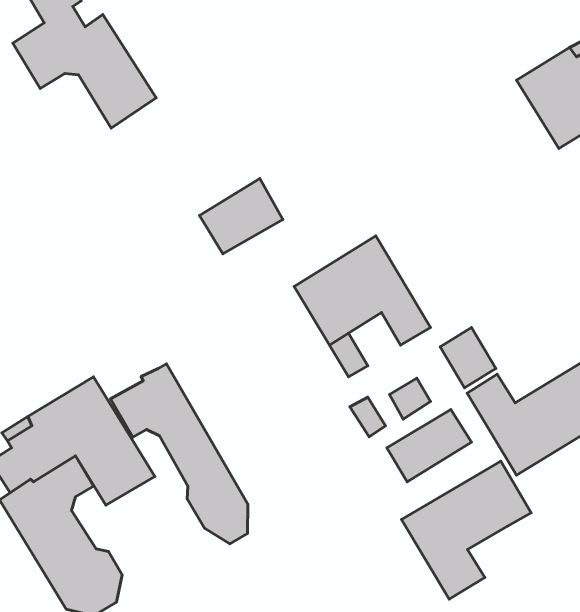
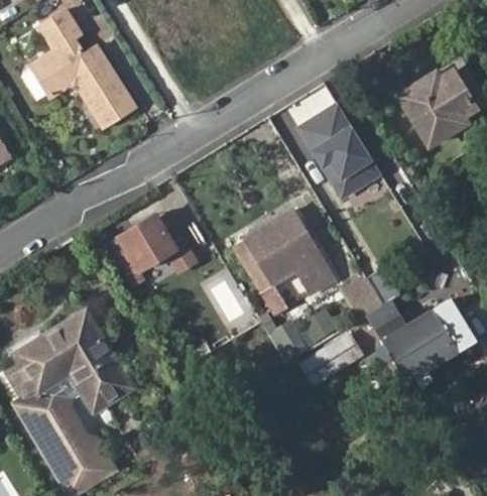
building: none -> [299,103,380,195]
building: [200,179,283,254] -> [123,213,185,268]
building: [110,364,248,544] -> none
building: [401,461,531,599] -> none

